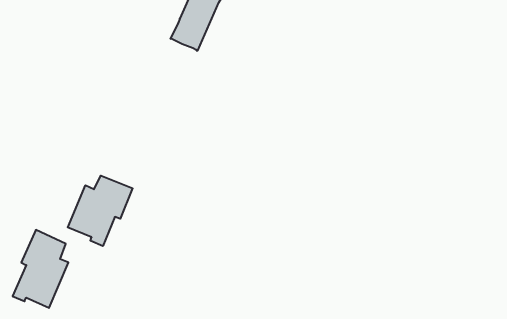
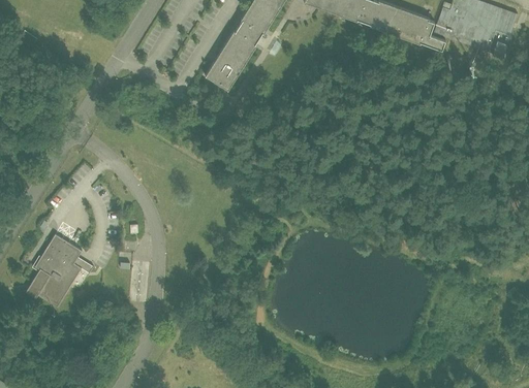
building: [68,176,133,246] -> none

